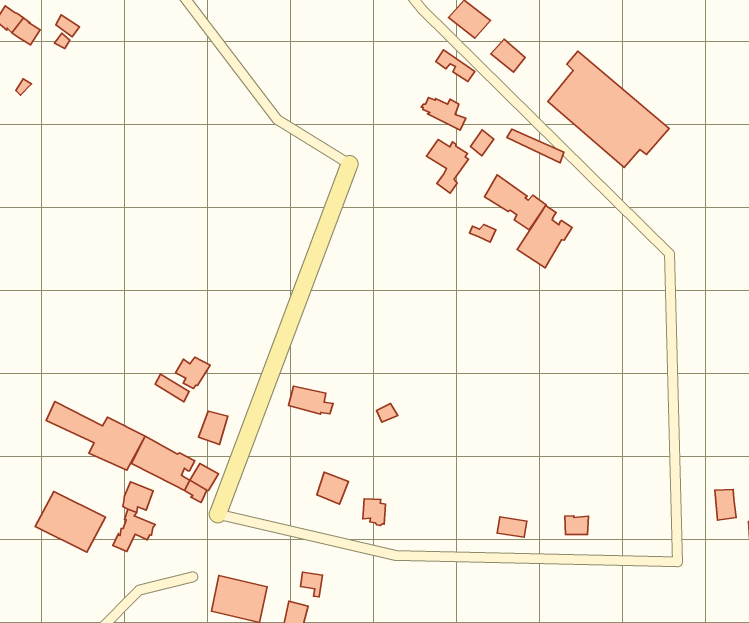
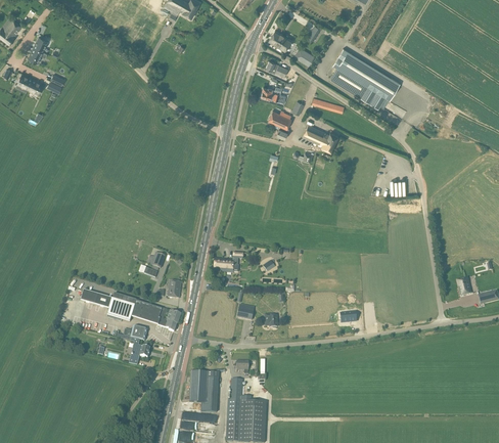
building: [517,206,572,268] -> none
building: [35,491,106,552] -> none

